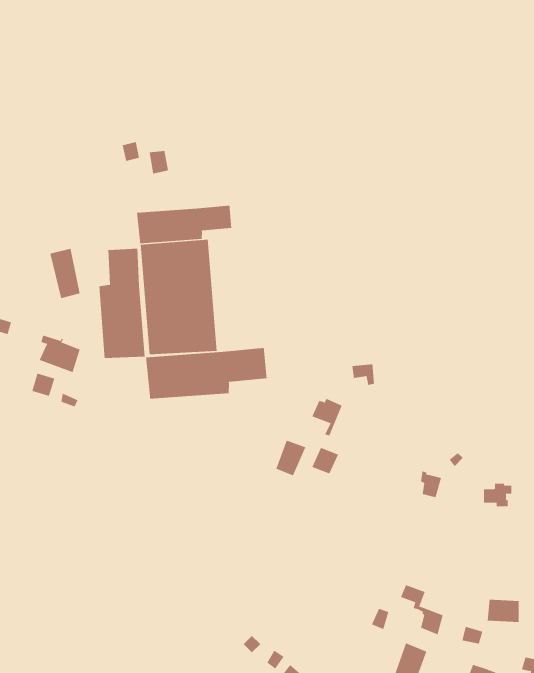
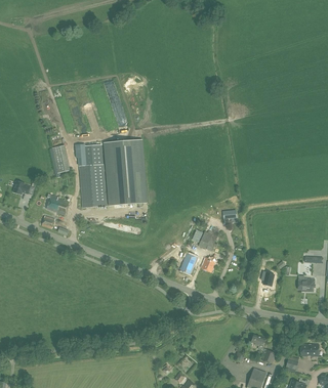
building: [136,205,232,244] -> none
building: [145,347,267,400] -> none

